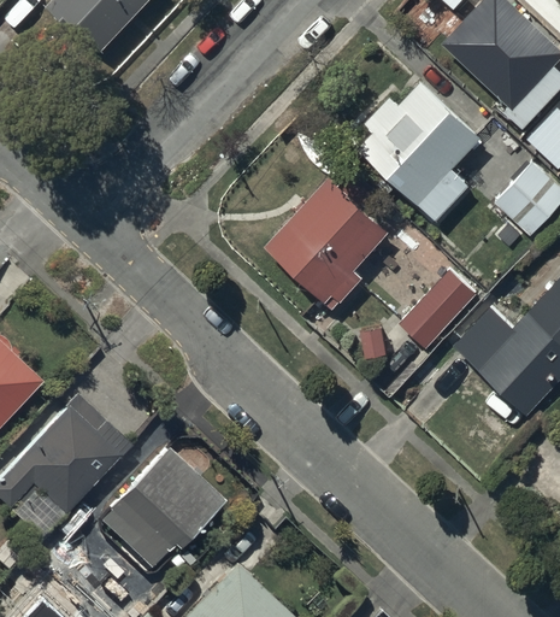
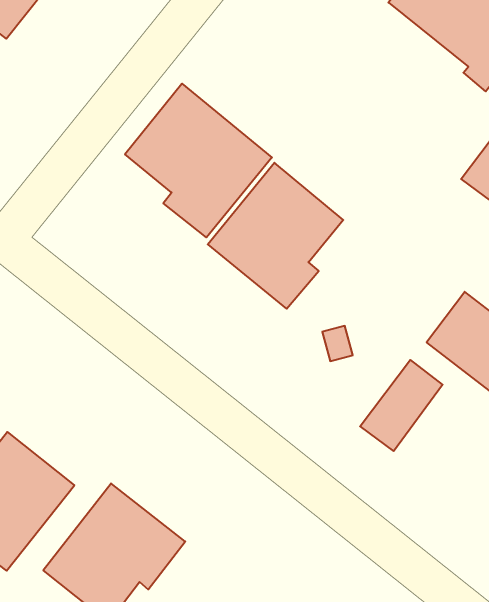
building: [358,80,479,219] -> none
building: none -> [125,84,272,237]
building: [401,270,477,349] -> [360,360,443,451]

